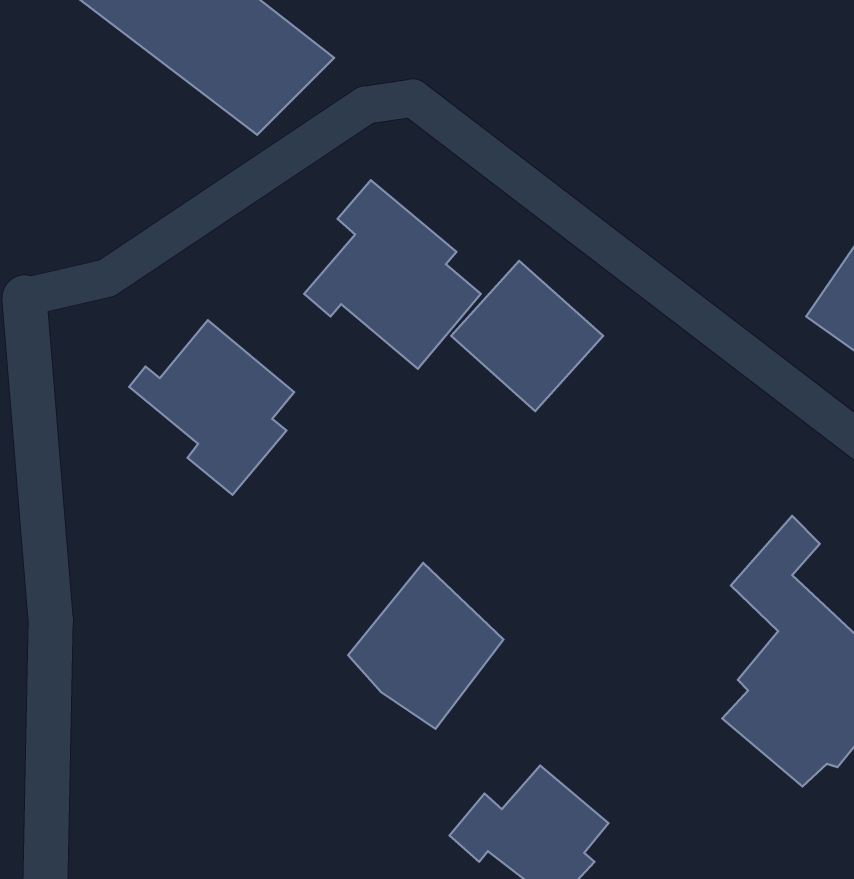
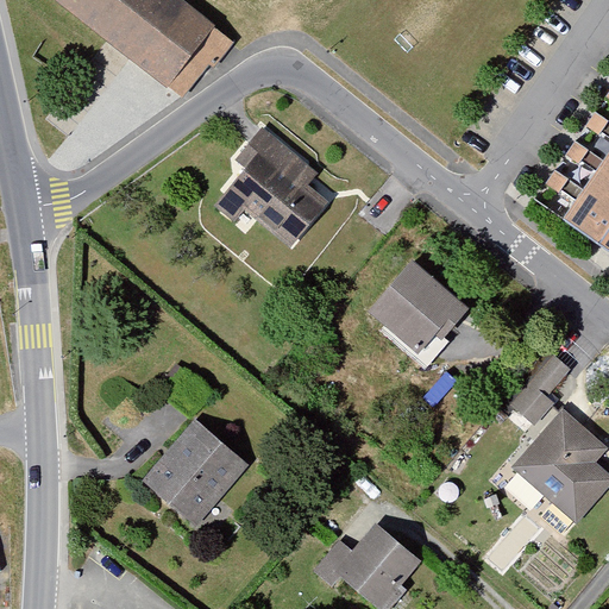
building: [451,261,603,411] -> [365,257,469,359]
building: [129,320,294,495] -> none
building: [348,563,504,729] -> [139,413,245,526]

